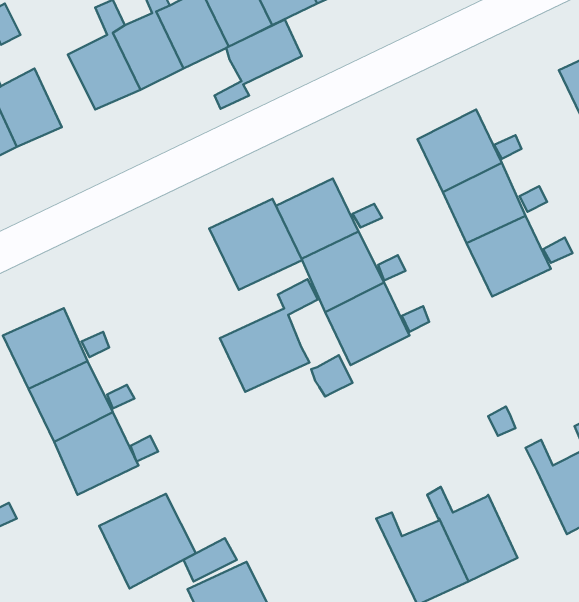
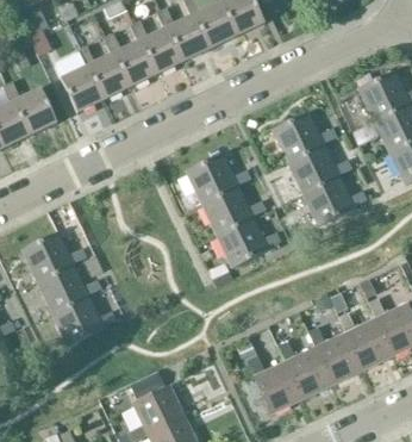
building: [214,20,302,109] -> none
building: [209,199,302,290] -> none
building: [220,279,318,392] -> none
building: none -> [306,325,362,382]
building: [99,494,196,588] -> none

